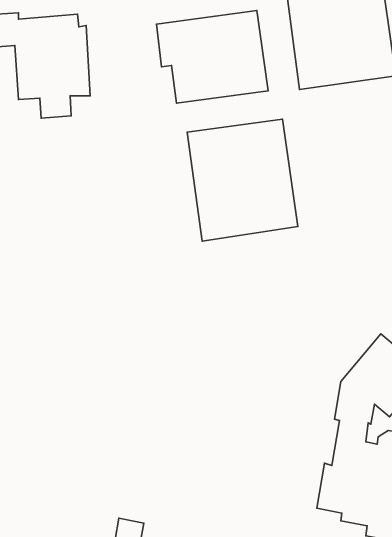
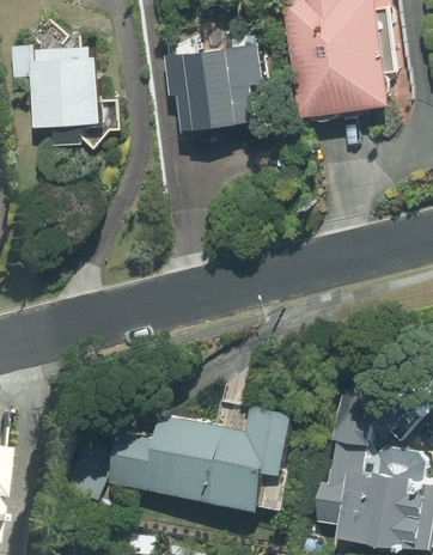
building: [187,119,298,241] -> none
building: none -> [110,398,295,501]

